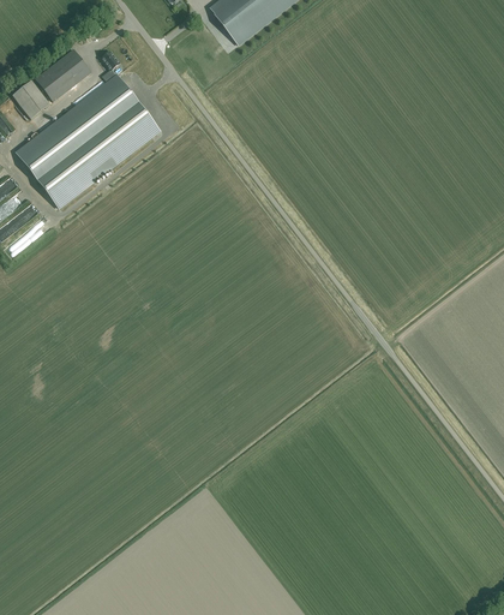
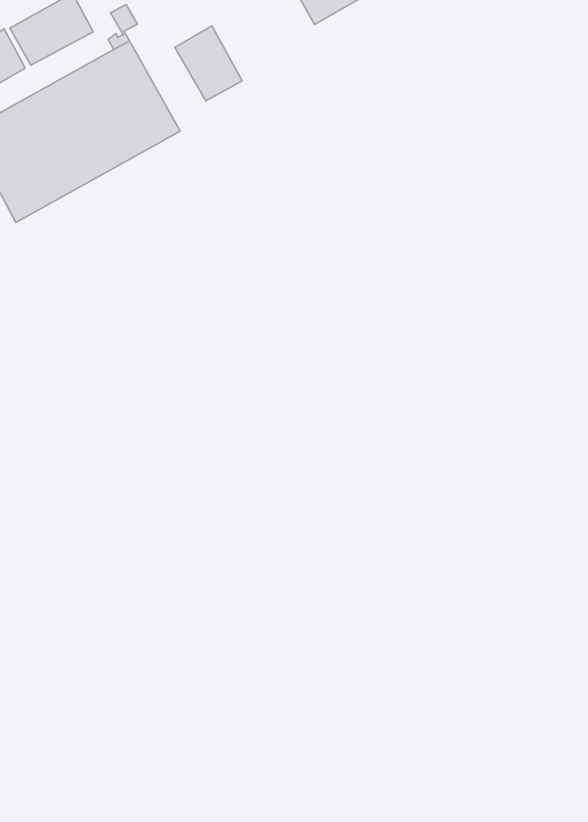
building: none -> [175,26,242,101]

